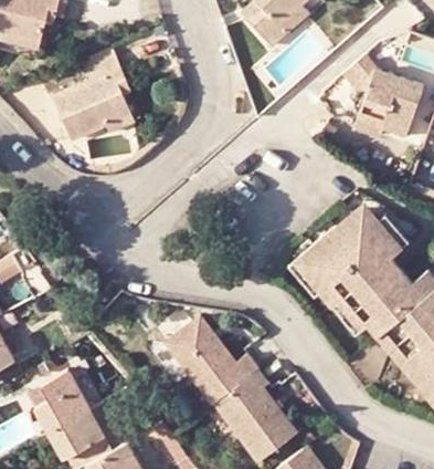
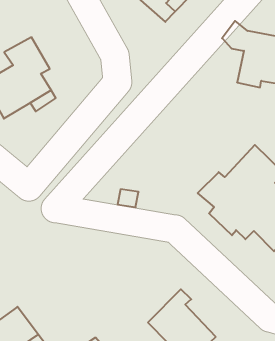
building: [170,319,261,403] -> none

